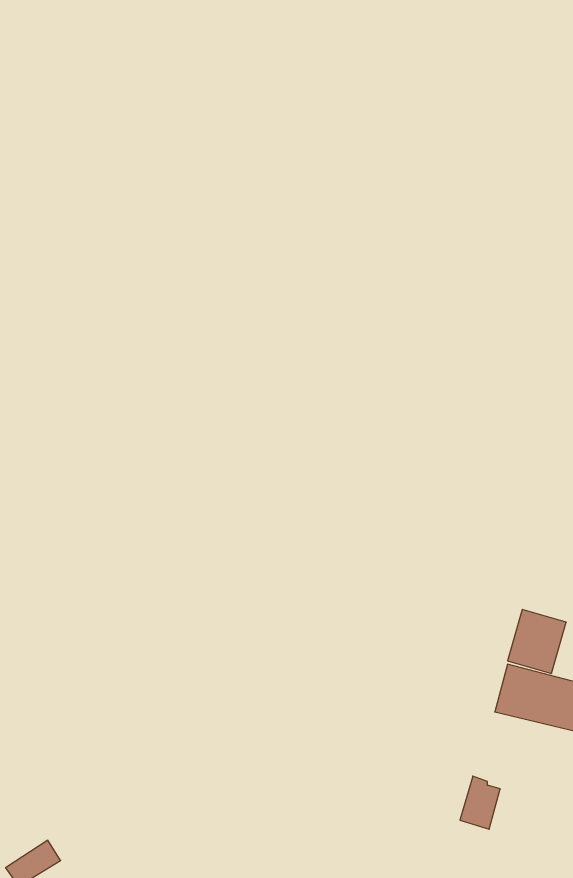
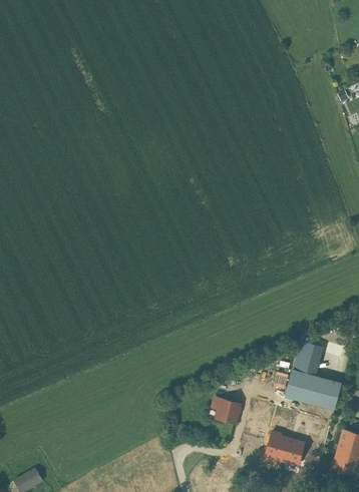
building: none -> [214,398,240,422]
building: none -> [282,438,305,464]

